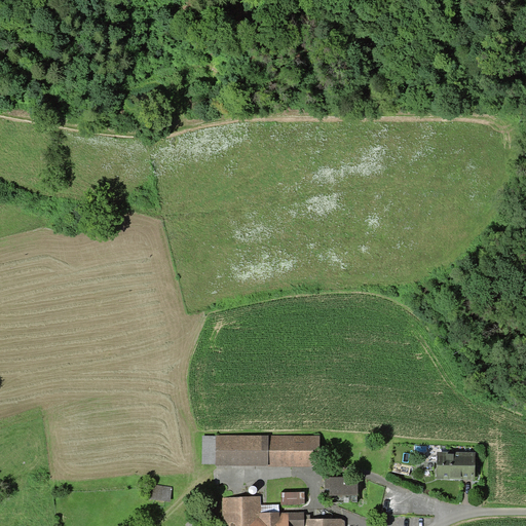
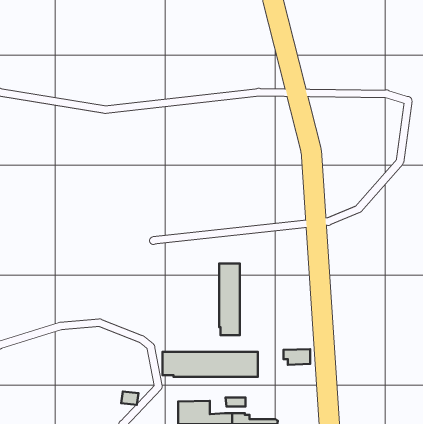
building: none -> [219,264,240,335]
building: [436,452,475,480] -> none
building: [324,477,356,496] -> [284,349,310,365]

